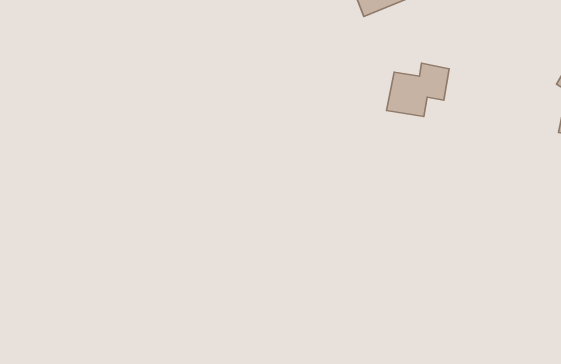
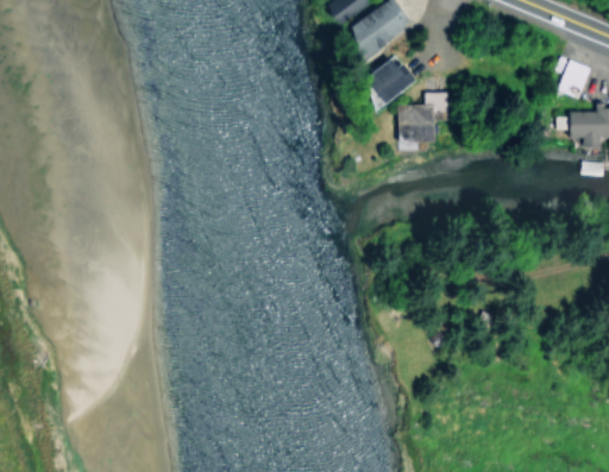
building: none -> [362,57,414,107]

